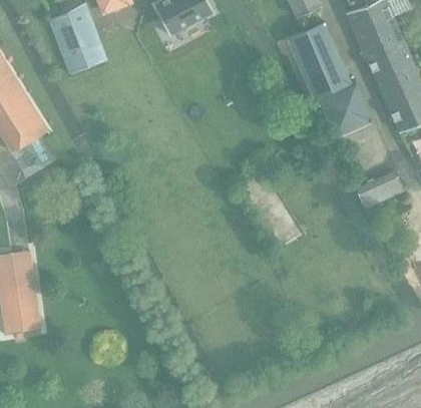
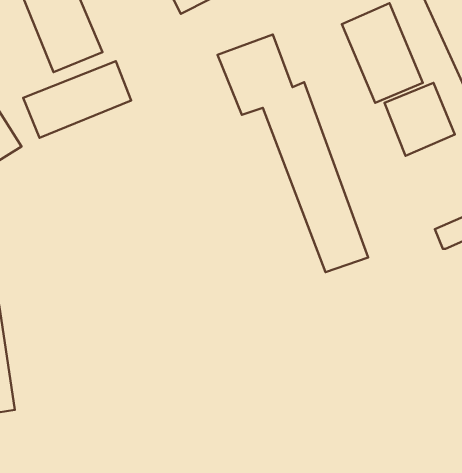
building: none -> [218,34,368,272]
building: none -> [23,61,131,138]

